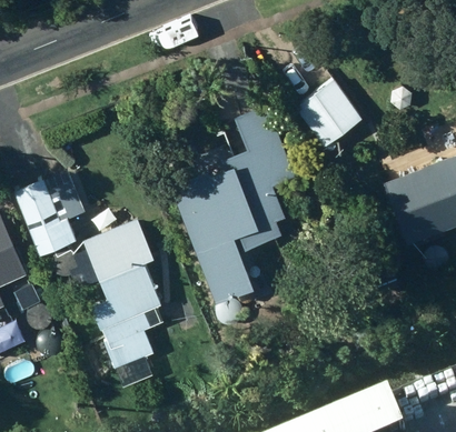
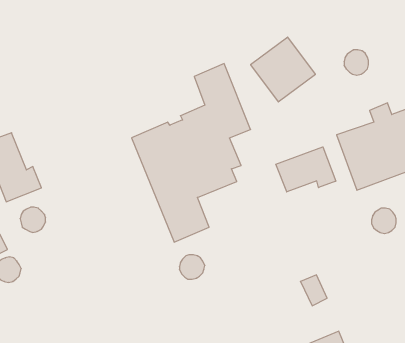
building: none -> [276,147,336,192]
building: [82,220,162,372] -> none

